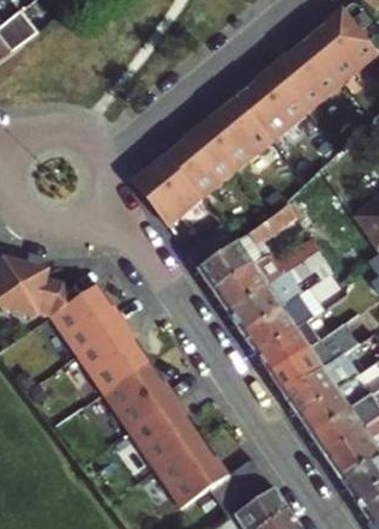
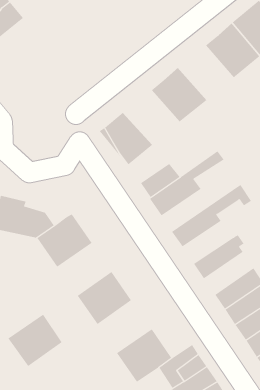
building: [236,66,309,138] -> none
building: [164,125,239,197] -> none
building: [215,241,319,311] -> none
building: [242,296,309,353] -> none
building: [78,325,150,395] -> [8,314,63,367]
building: [270,337,336,393] -> none
building: [131,401,203,470] -> none

